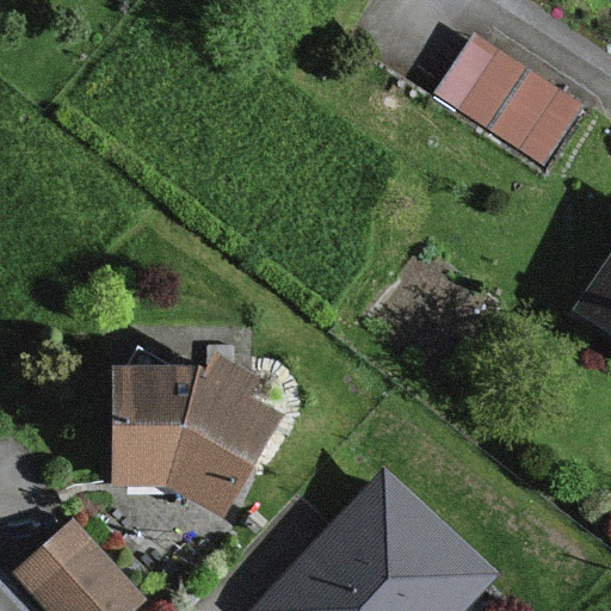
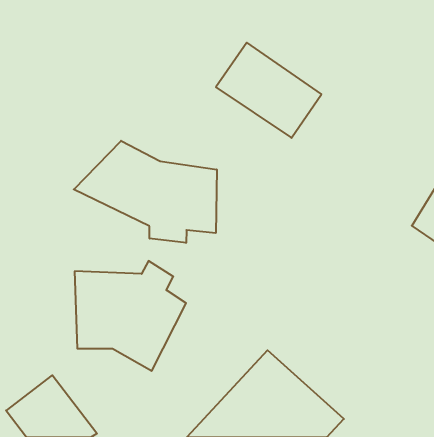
building: [438,31,585,163] -> [216,43,321,138]
building: none -> [74,141,217,243]

